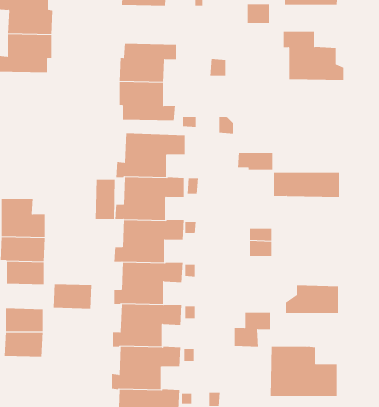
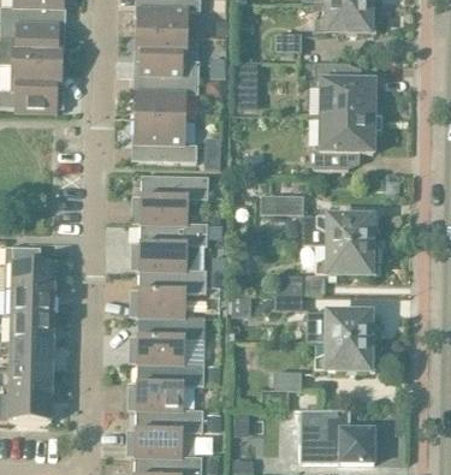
building: none -> [136,32,198,76]
building: none -> [313,114,382,167]
building: [95,179,115,220] -> none
building: none -> [319,243,378,273]
building: none -> [307,311,376,342]
building: [53,284,92,309] -> [10,339,53,367]

